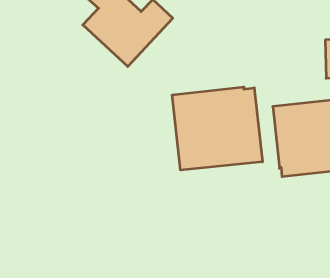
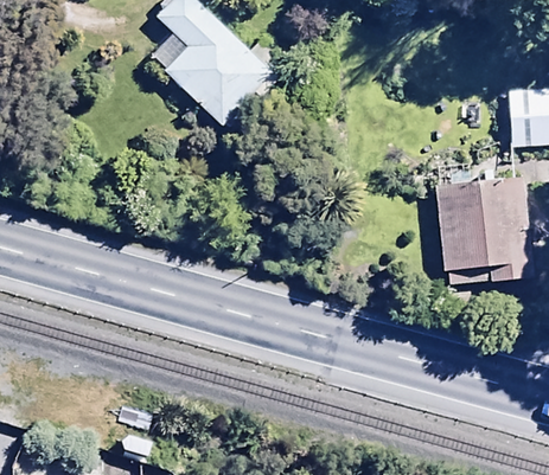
building: [172,87,262,170] -> none

